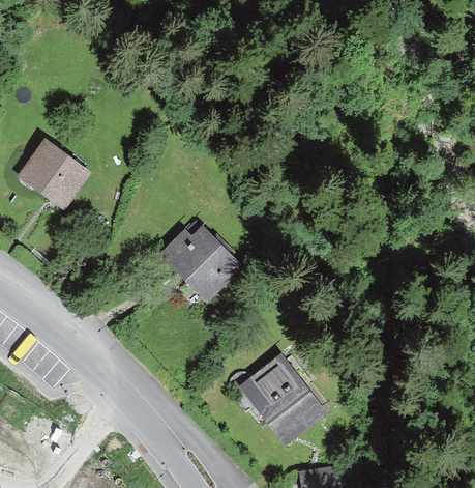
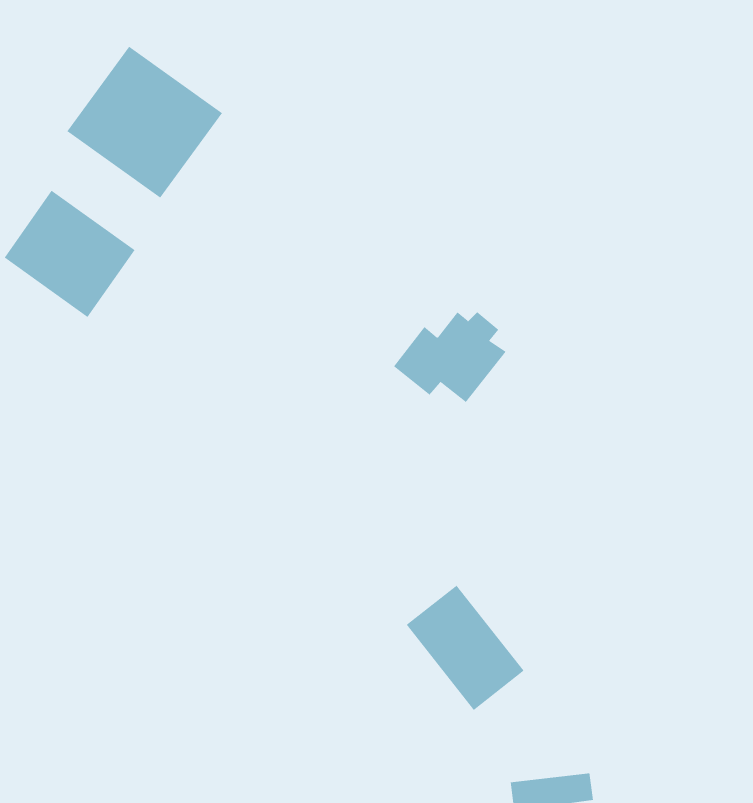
building: none -> [67,46,223,198]
building: [165,235,229,287] -> [393,312,506,403]

